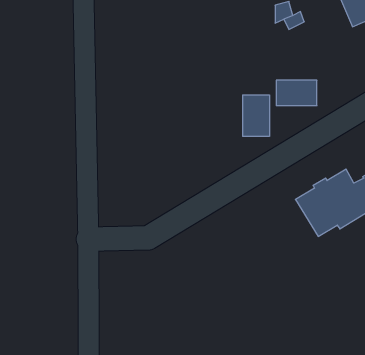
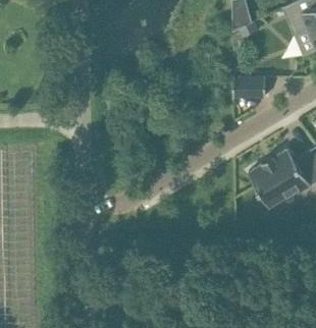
building: [243,95,269,136] -> none

